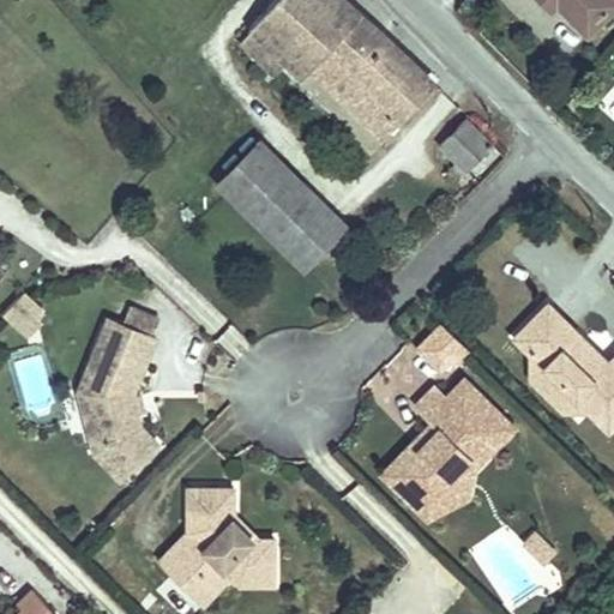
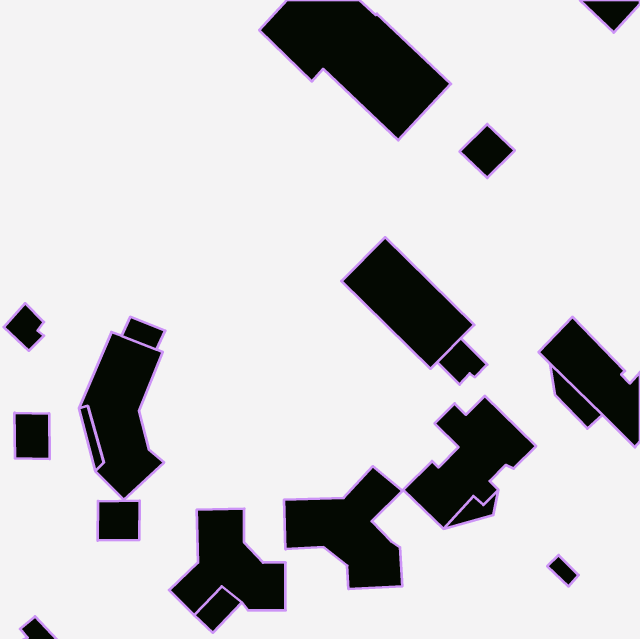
building: [218,143,345,269] -> [341,237,474,369]
building: none -> [15,413,50,459]
building: none -> [284,466,403,589]
building: none -> [98,501,140,541]

